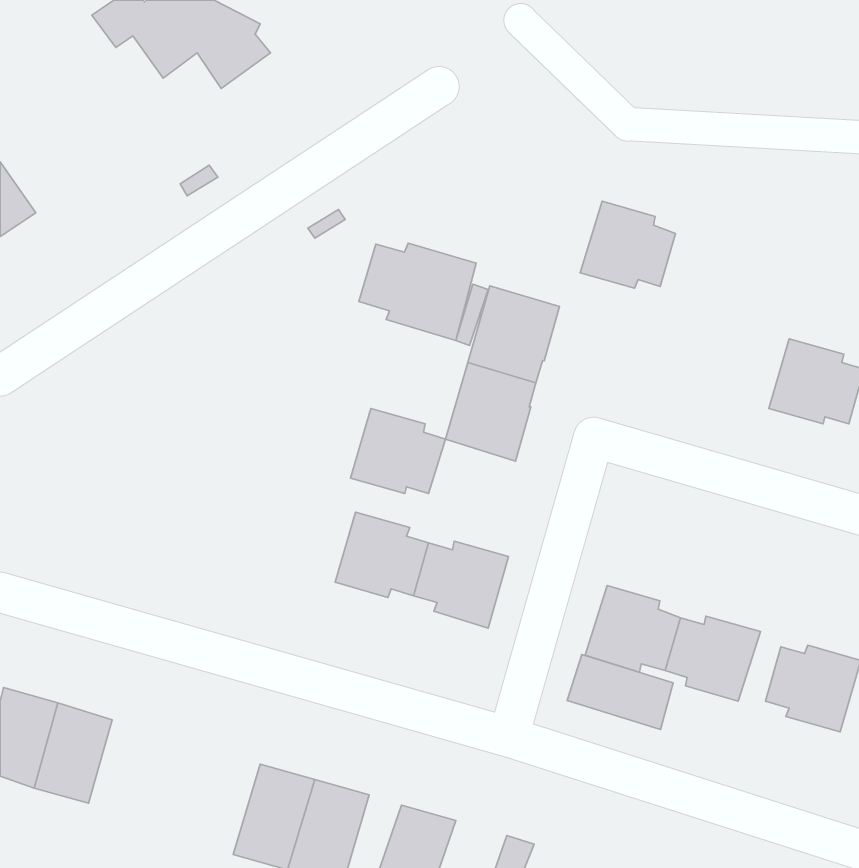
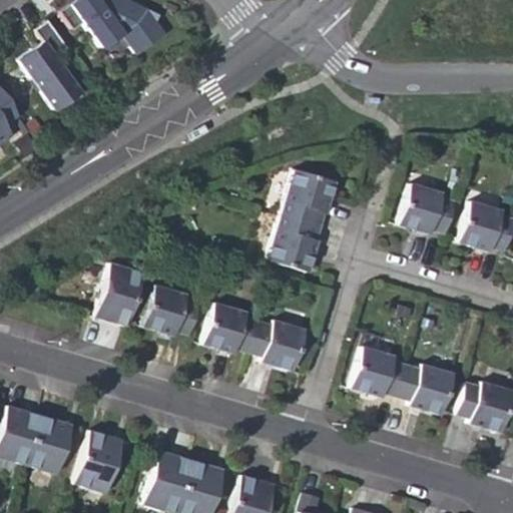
building: none -> [20,20,81,109]
building: [580,201,675,288] -> [399,182,455,233]
building: [359,243,476,341] -> none
building: [350,408,446,494] -> [143,286,199,336]
building: none -> [95,263,143,326]
building: [567,654,673,730] -> none
building: none -> [75,431,123,493]

